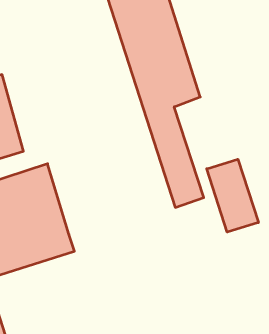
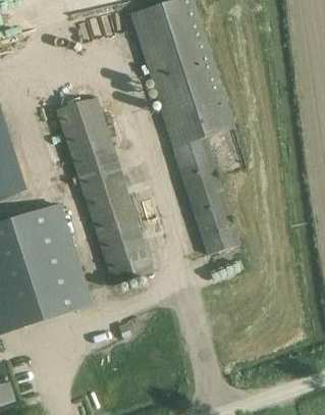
building: none -> [55,95,155,283]
building: [207,159,258,232] -> none

